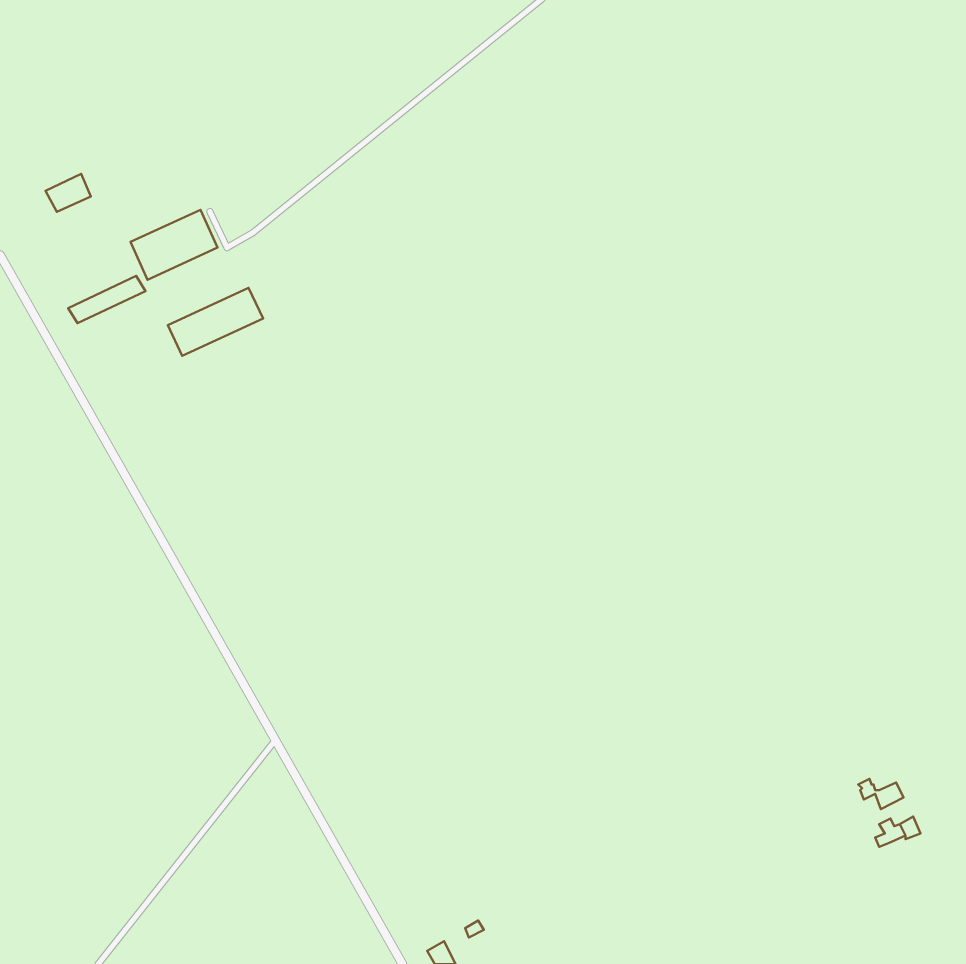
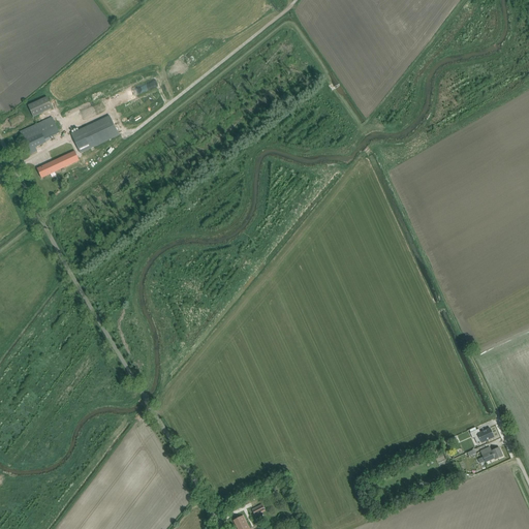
building: none -> [21,117,60,153]
building: [168,288,263,356] -> none

